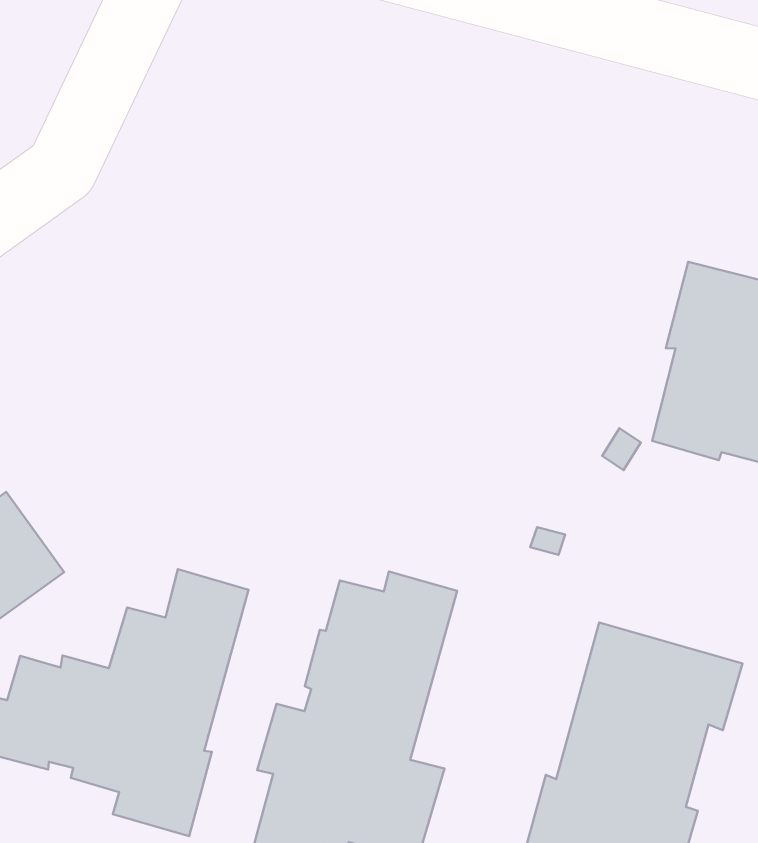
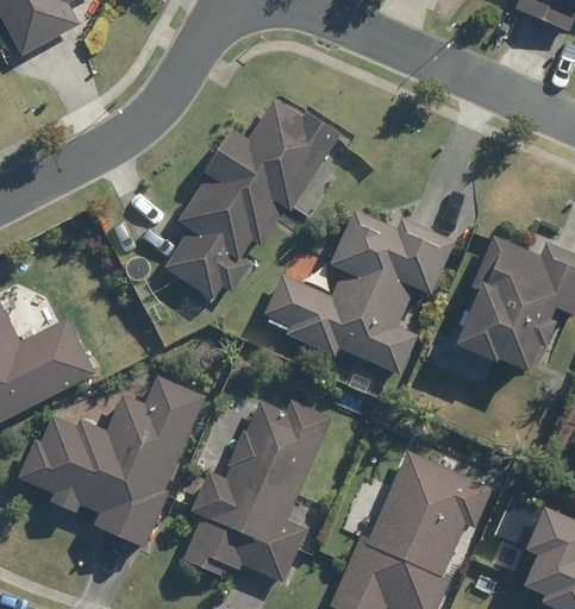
building: none -> [170,100,343,299]
building: none -> [268,211,456,376]

